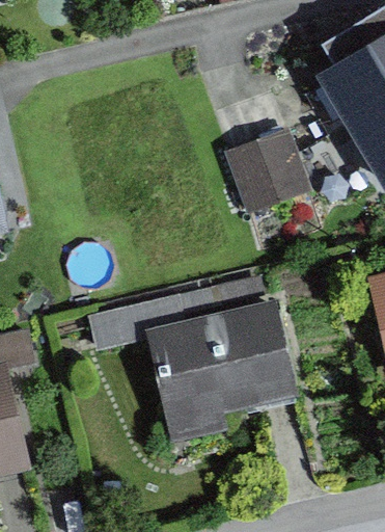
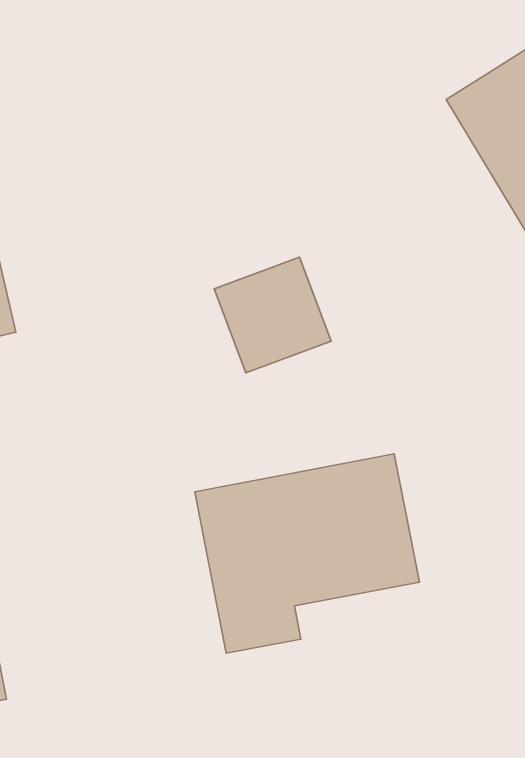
building: [233,135,310,211] -> [214,257,331,373]

